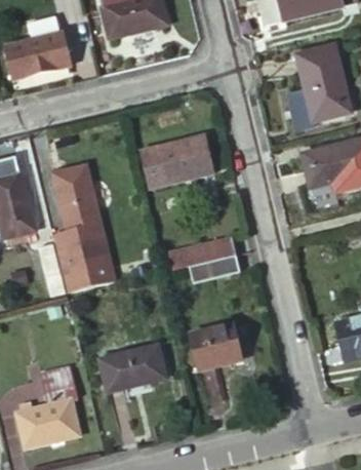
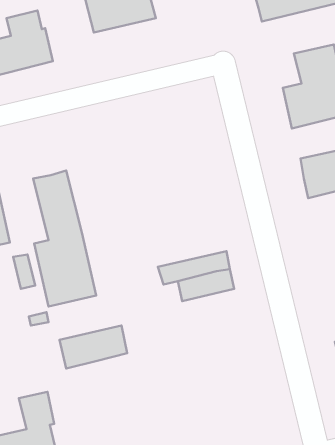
building: [143,138,211,188] -> none
building: [187,324,242,371] -> none
building: [103,352,165,392] -> [60,325,127,369]

